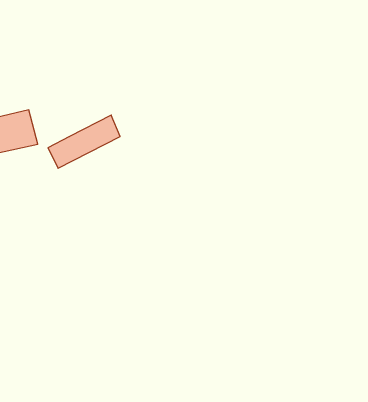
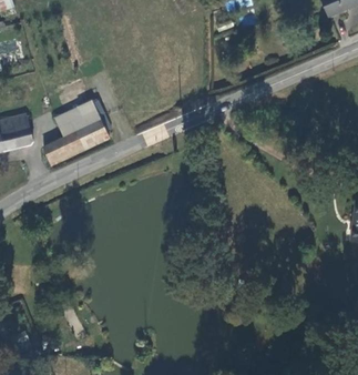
building: none -> [52,99,100,136]

